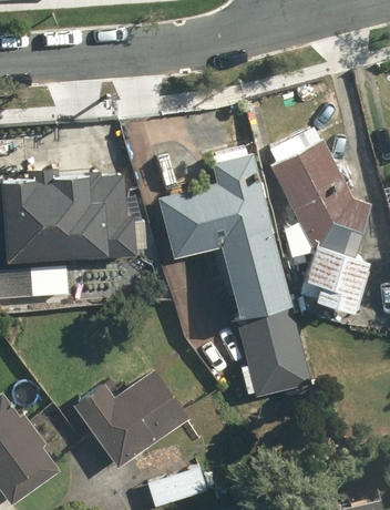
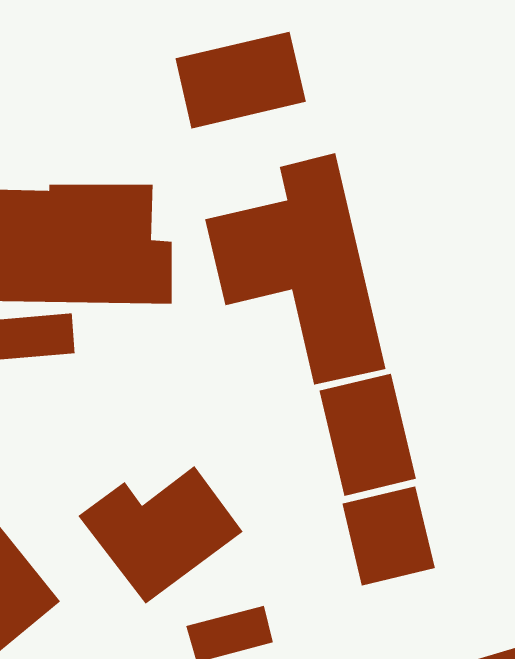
building: none -> [174,31,307,129]
building: [270,122,369,310] -> none
building: none -> [341,485,436,586]

